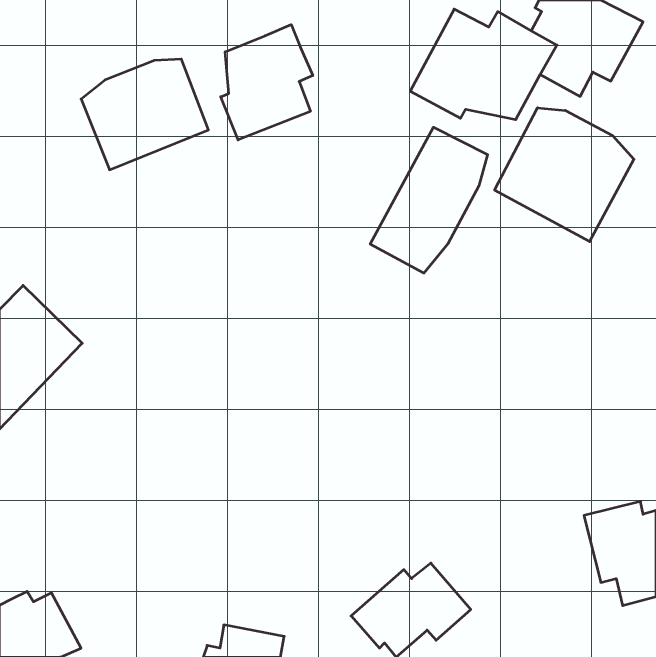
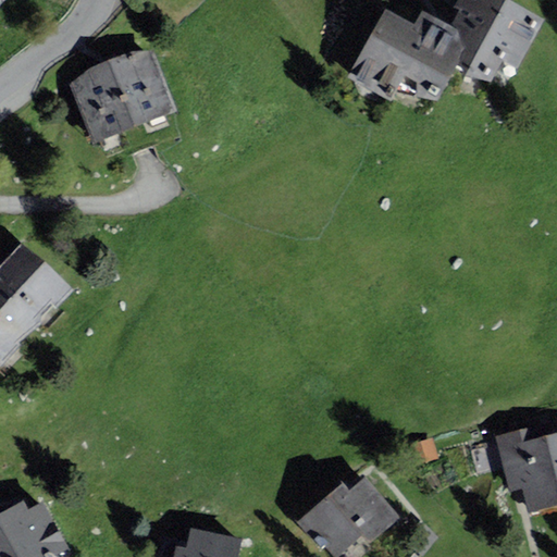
building: [221,25,313,140] -> none
building: [495,108,634,242] -> none
building: [370,127,488,273] -> none

